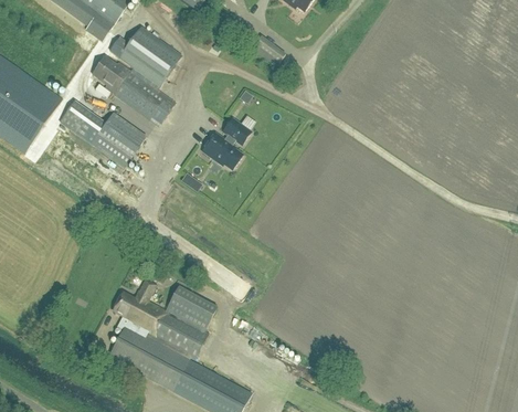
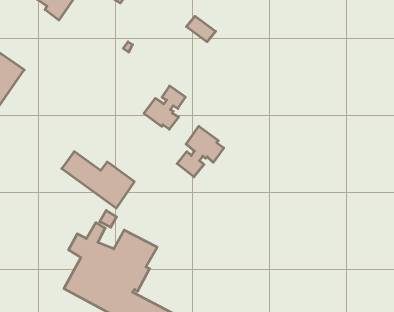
building: [91,25,180,125] -> none
building: [60,101,145,167] -> [62,152,134,208]
building: none -> [177,126,224,177]

